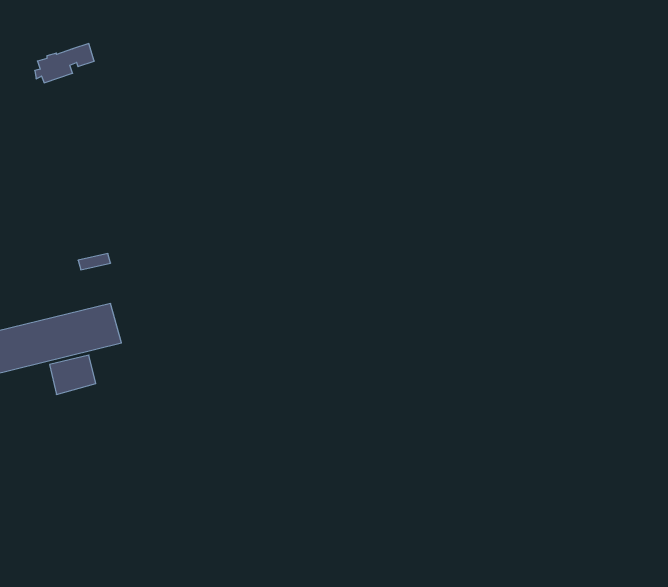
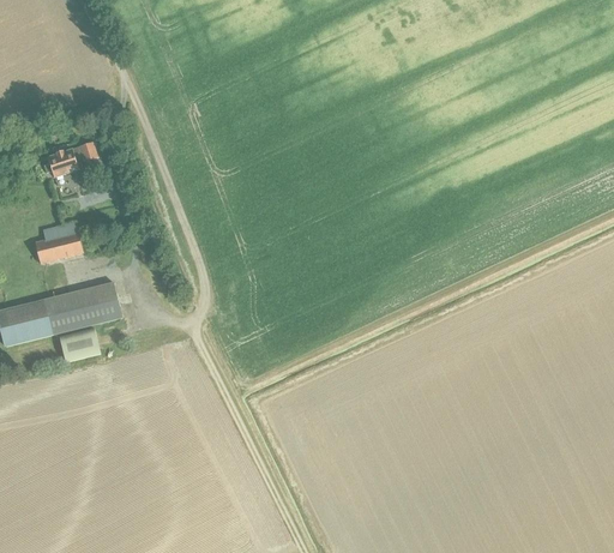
building: [35,44,94,83] -> [44,142,97,176]
building: none -> [35,222,83,264]

